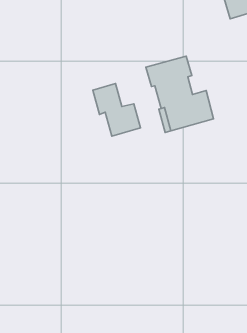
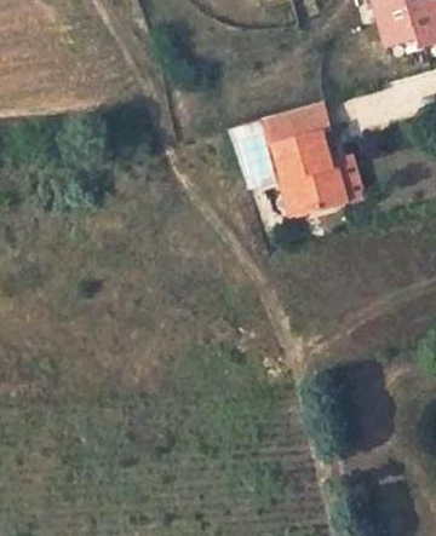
building: [93,83,141,136] -> none

